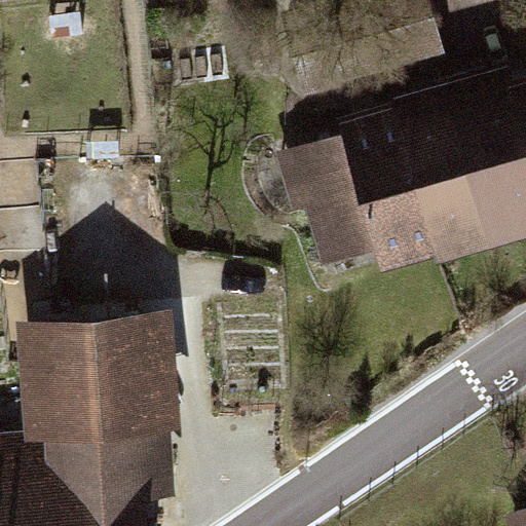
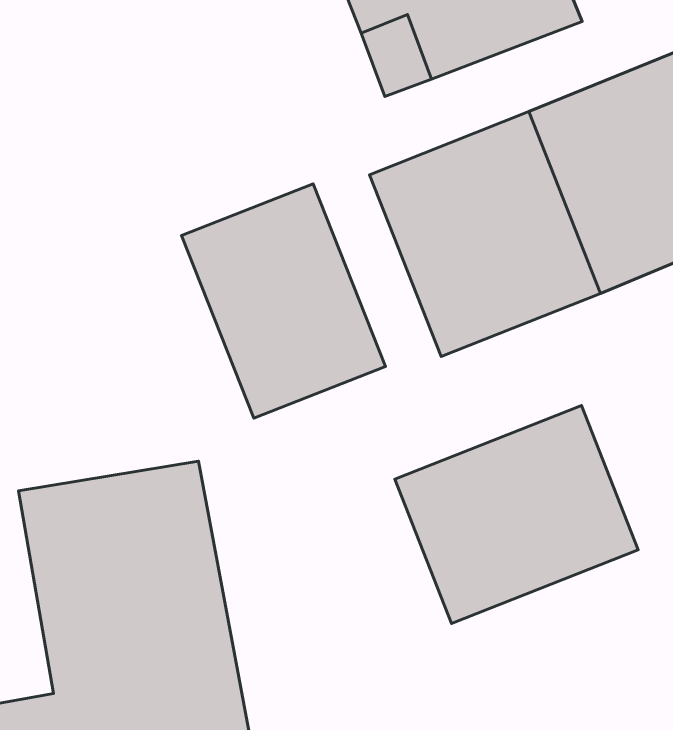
building: none -> [182,184,385,418]
building: none -> [395,405,638,623]

